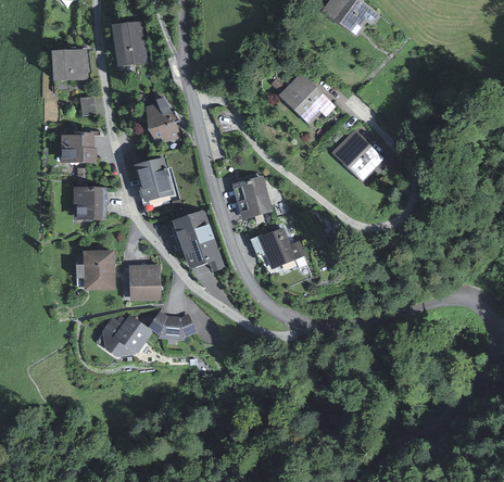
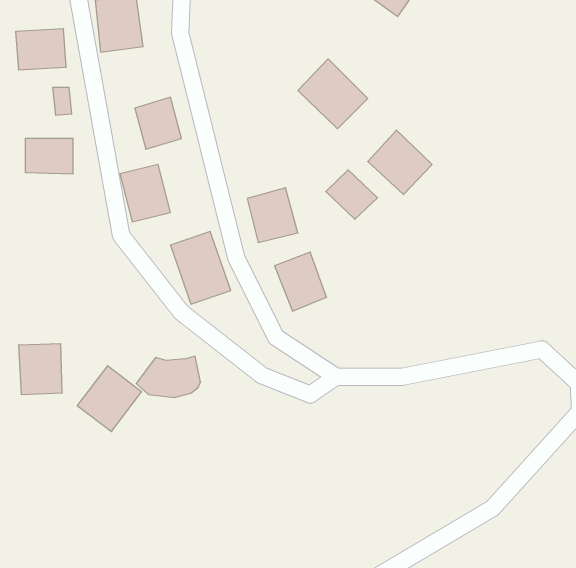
building: none -> [326,170,377,219]
building: [72,187,103,219] -> none
building: [80,249,115,289] -> [18,344,62,394]
building: [126,268,160,299] -> none

